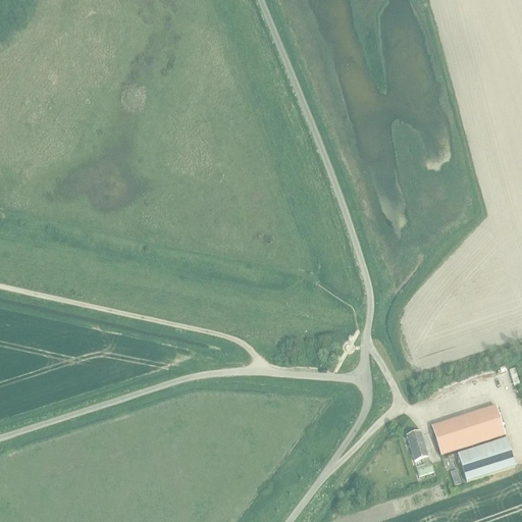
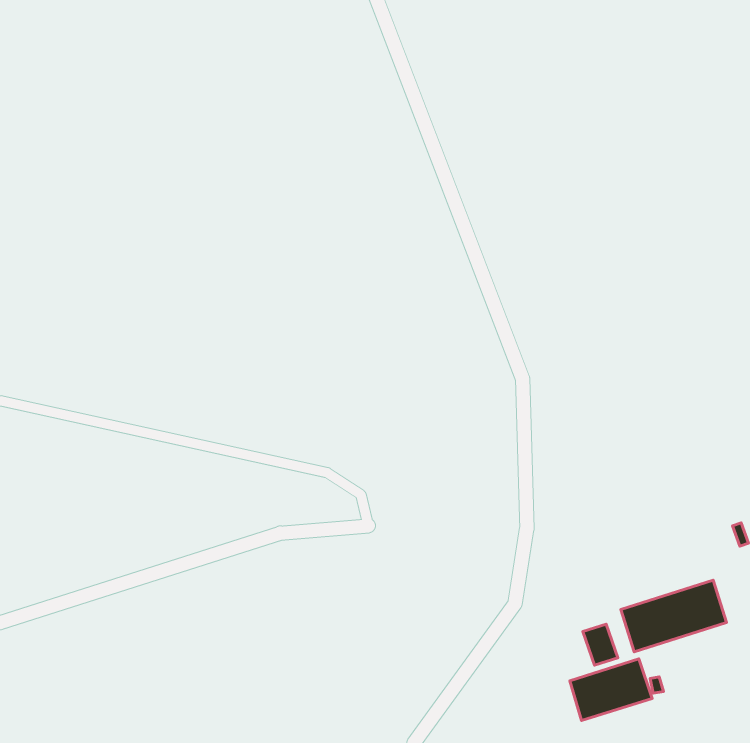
building: [458,435,515,478] -> [570,659,652,721]

